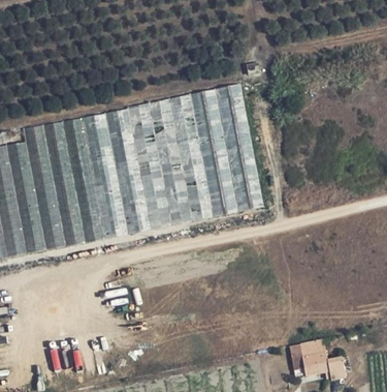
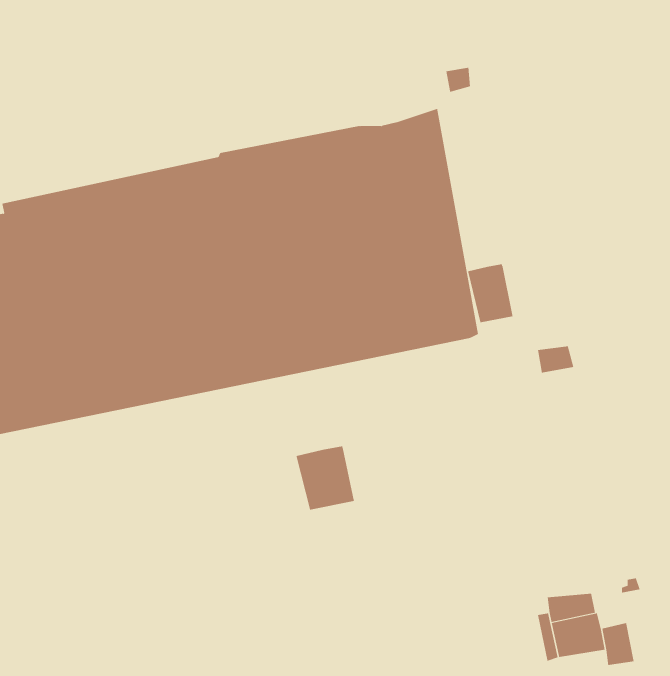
building: none -> [467,264,513,323]
building: none -> [296,446,354,511]

